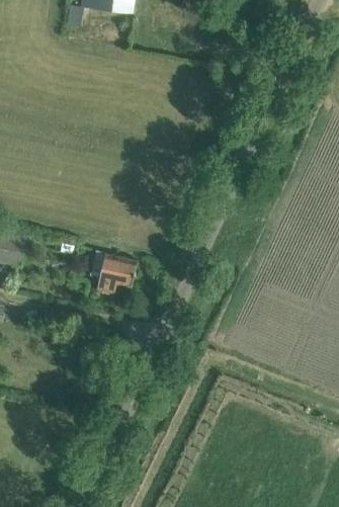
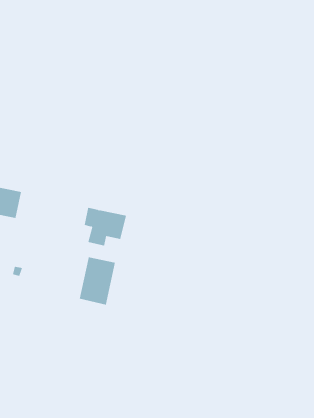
building: none -> [79,256,116,305]

